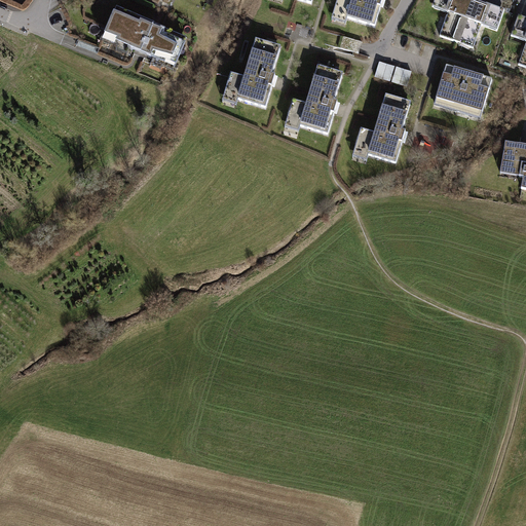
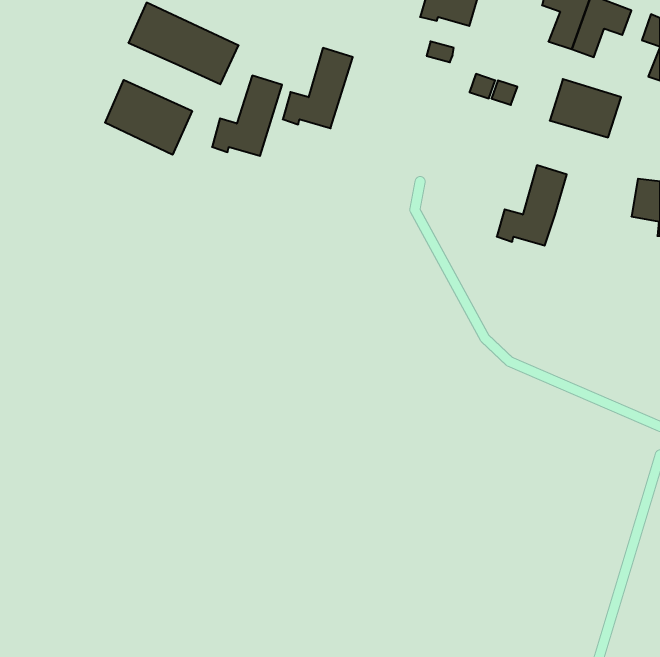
building: none -> [105,80,192,155]
building: [289,65,344,128] -> [212,76,282,156]
building: [354,92,410,156] -> [497,165,567,246]

